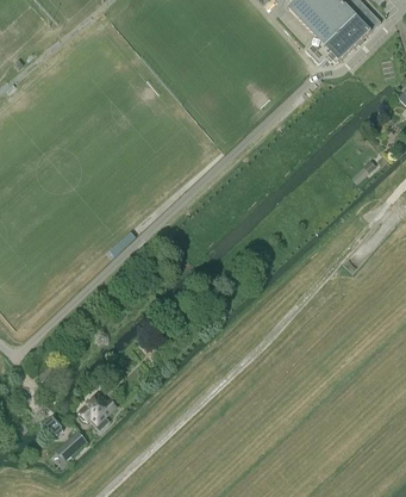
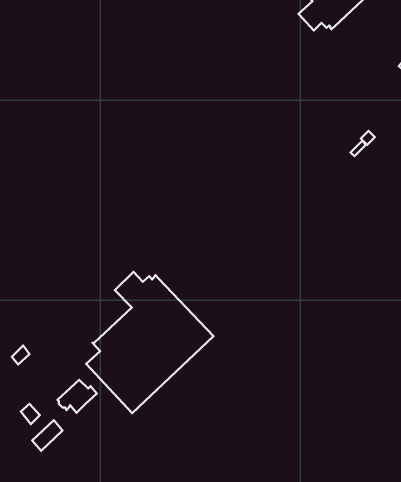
building: none -> [86,272,214,413]

